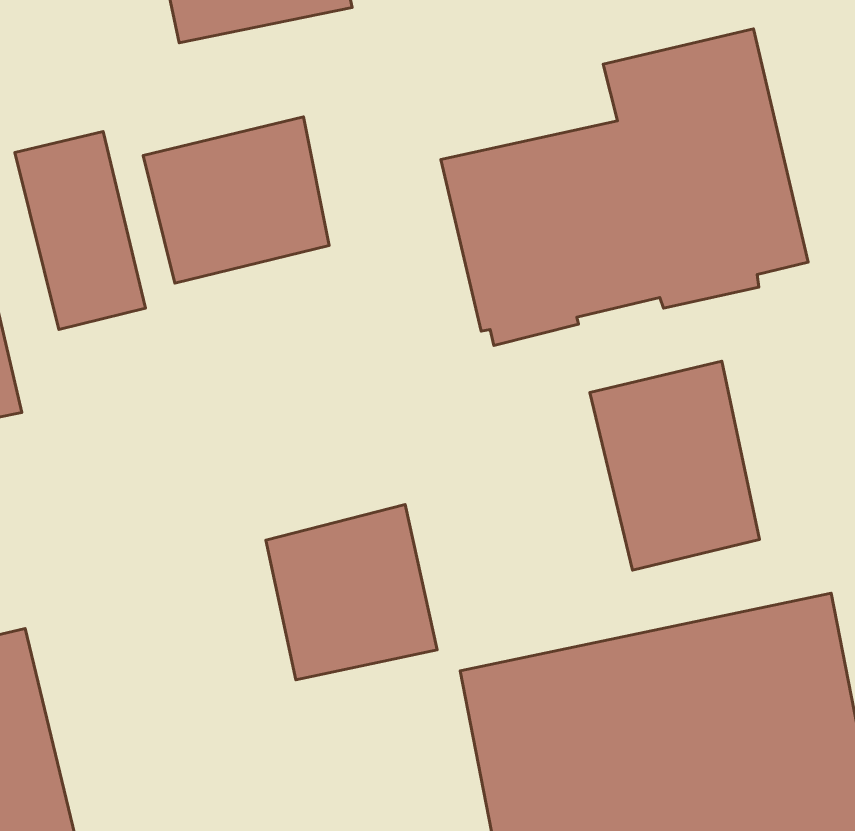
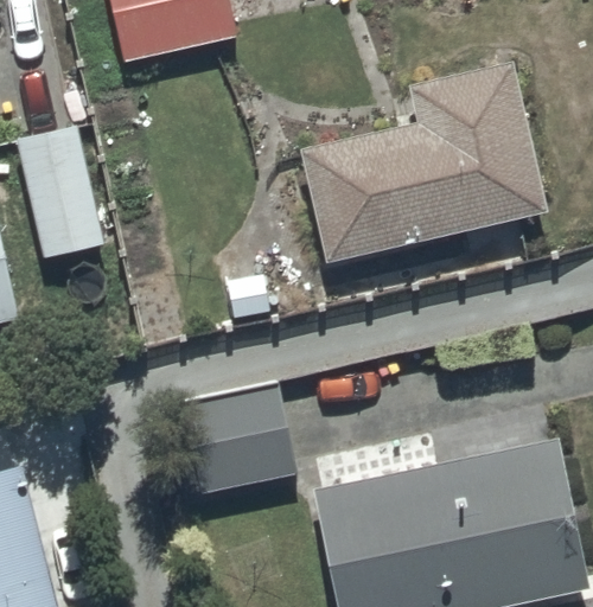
building: [143,117,329,283] -> none
building: [590,361,760,570] -> none

